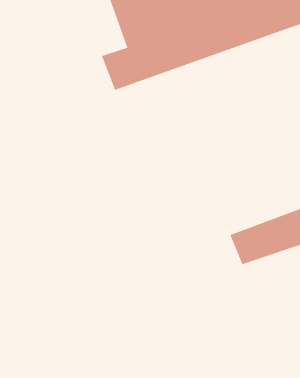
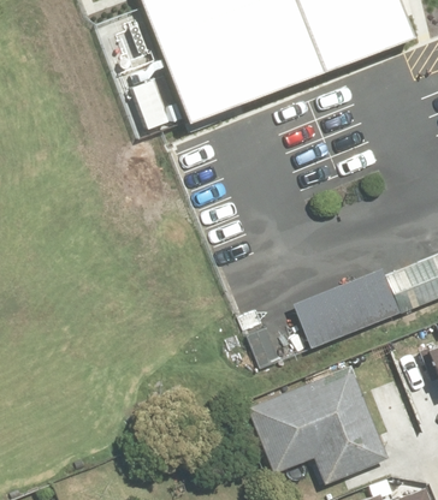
building: none -> [254,367,384,482]

